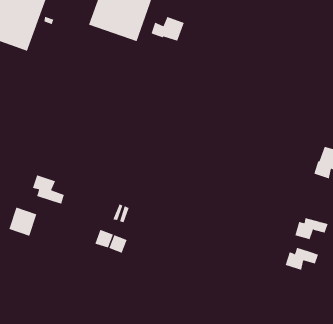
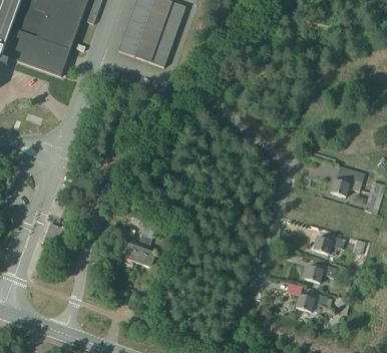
building: [151,16,184,42] -> none
building: [32,174,65,204] -> none
building: none -> [296,289,328,311]

